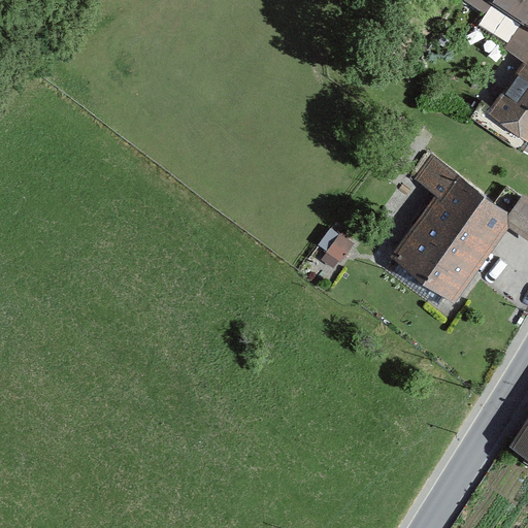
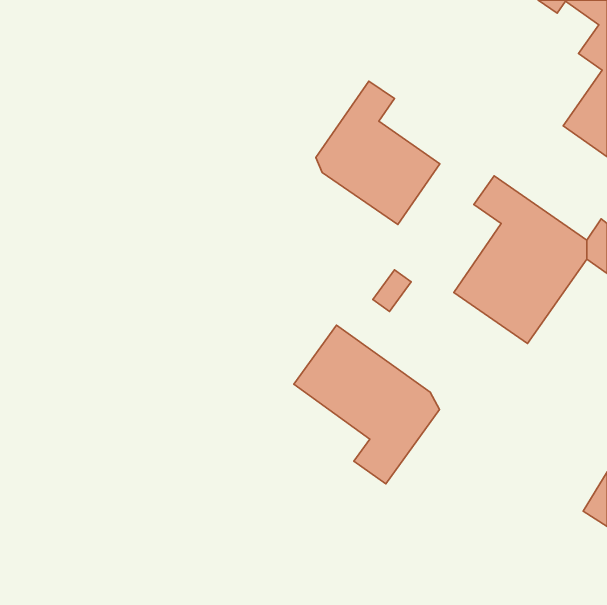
building: none -> [316,81,440,224]
building: none -> [294,325,439,484]

